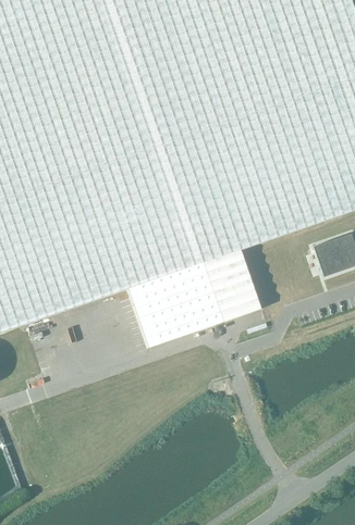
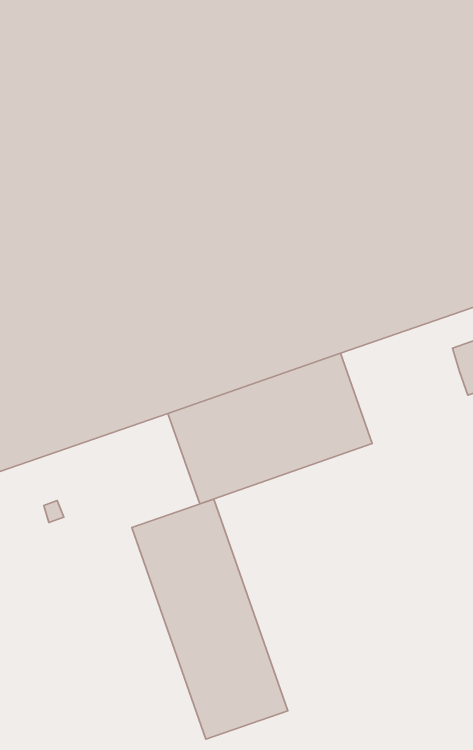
building: none -> [132,499,288,739]

